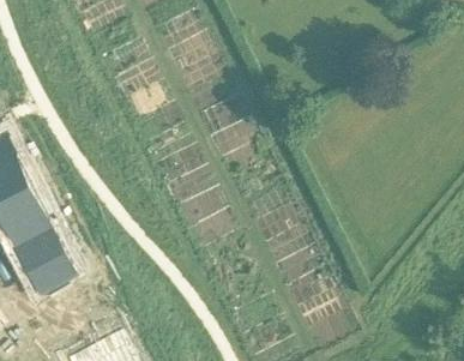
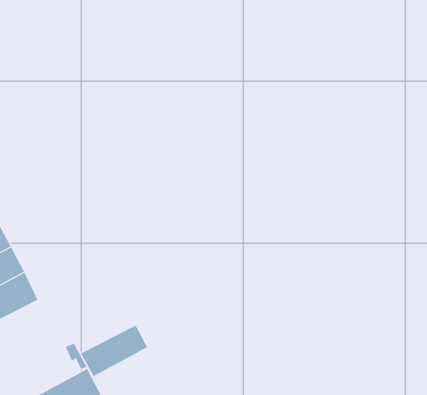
building: none -> [80,325,148,377]

